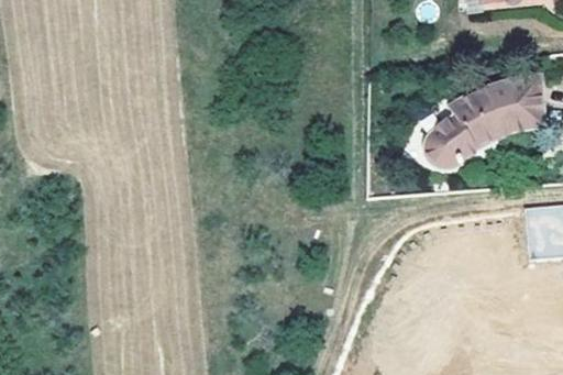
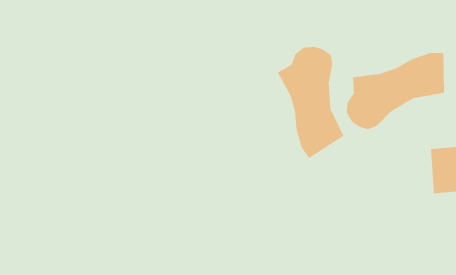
building: none -> [277,46,344,159]

